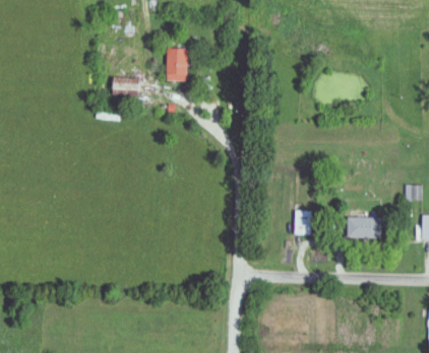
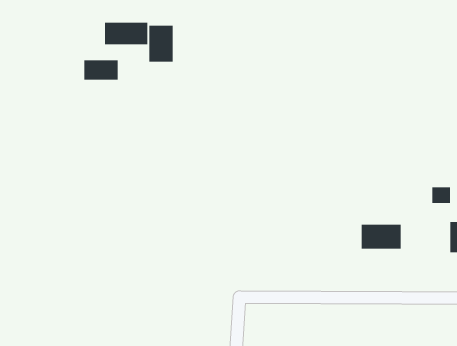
building: none -> [104,22,148,45]
building: [296,210,313,234] -> none

